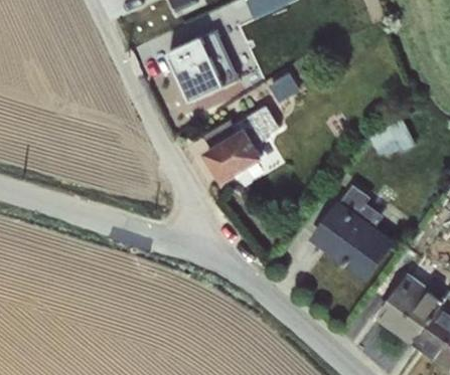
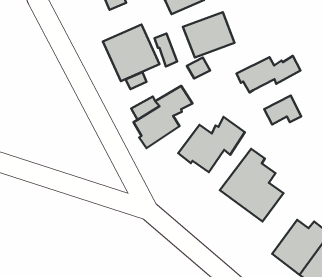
building: none -> [183,12,235,58]
building: none -> [236,56,301,92]
building: none -> [178,117,245,172]

